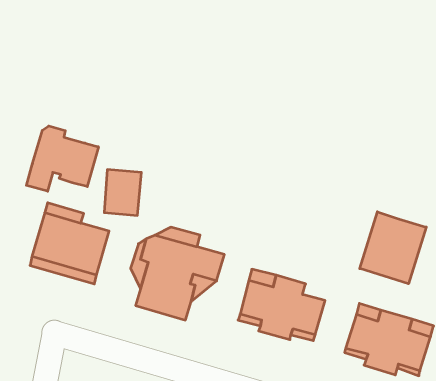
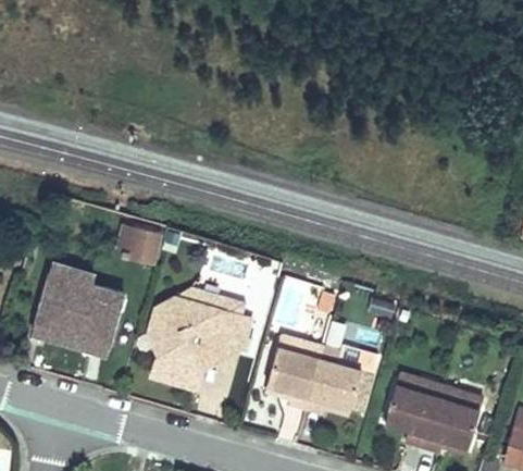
building: [26,126,98,191] -> none
building: [360,212,426,284] -> none

